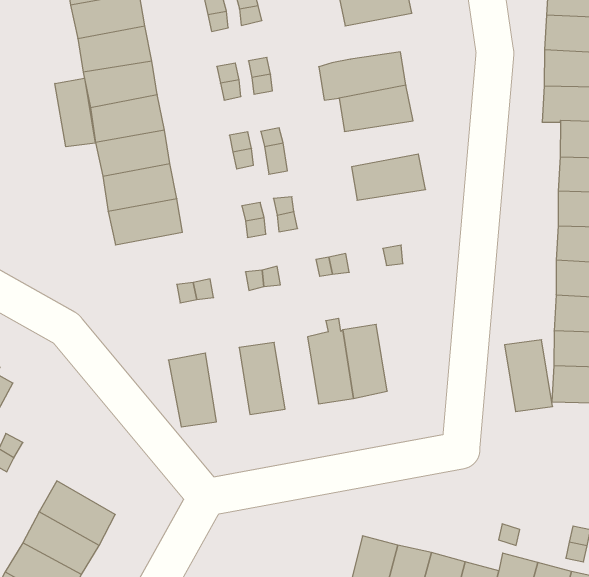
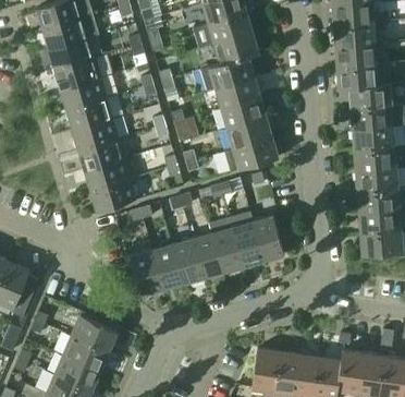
building: none -> [213,32,258,63]
building: [55,78,95,147] -> none
building: none -> [220,96,266,128]
building: none -> [224,136,279,171]
building: none -> [90,178,136,210]
building: none -> [192,232,222,277]
building: [505,340,553,412] -> [251,215,284,260]
building: none -> [151,243,182,289]
building: none -> [71,315,116,351]

